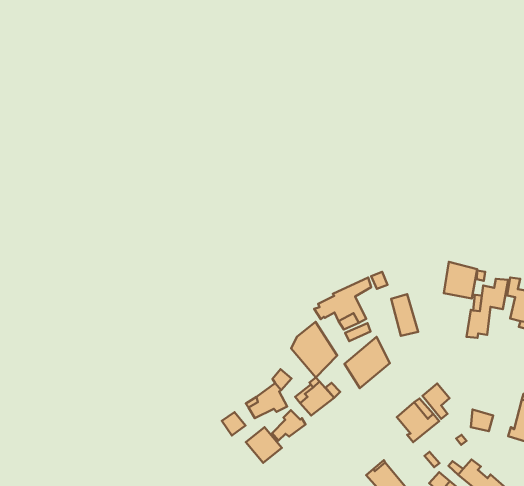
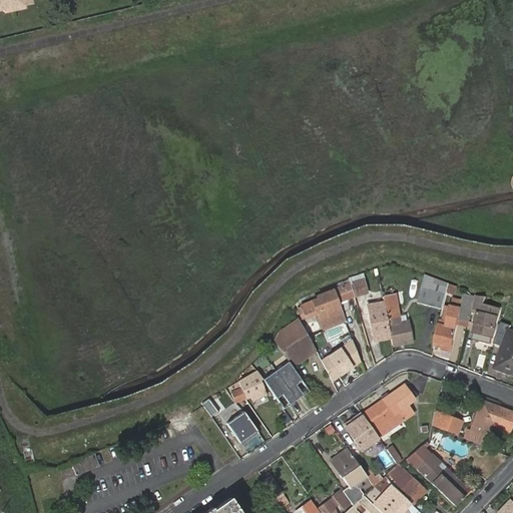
building: none -> [383,294,412,345]
building: [272,410,305,440] -> none
building: none -> [345,413,380,451]

